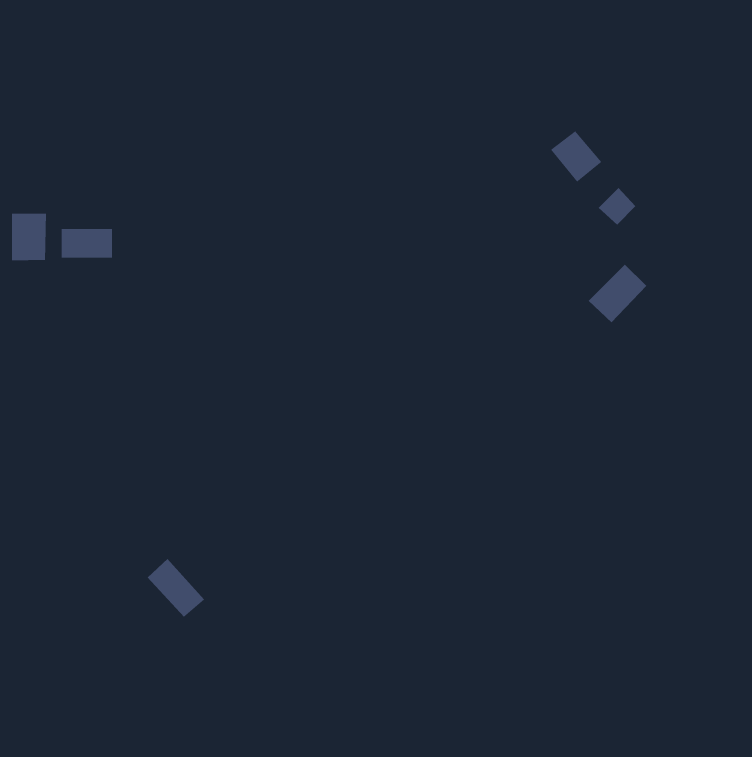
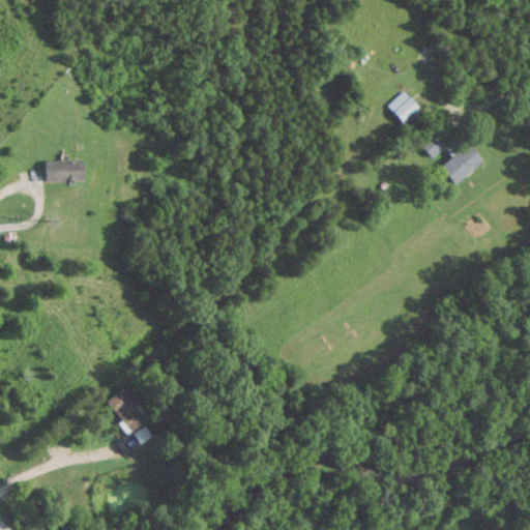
building: [11,213,47,261] -> none
building: [588,264,647,323] -> [441,144,482,185]

